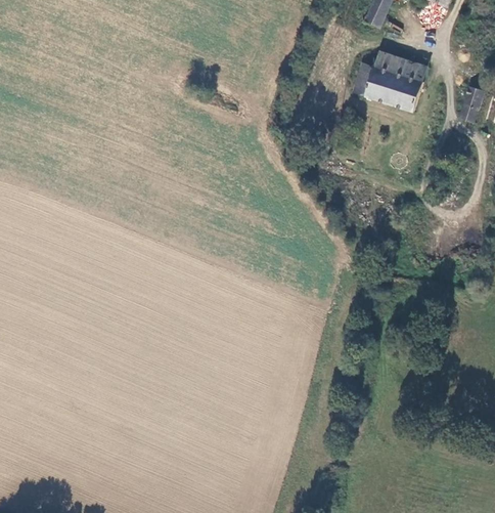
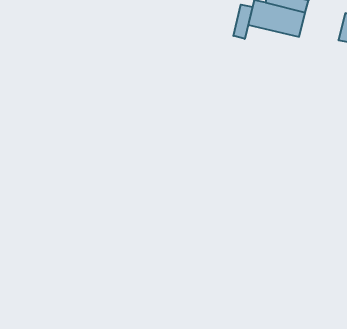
building: none -> [233,5,252,39]

